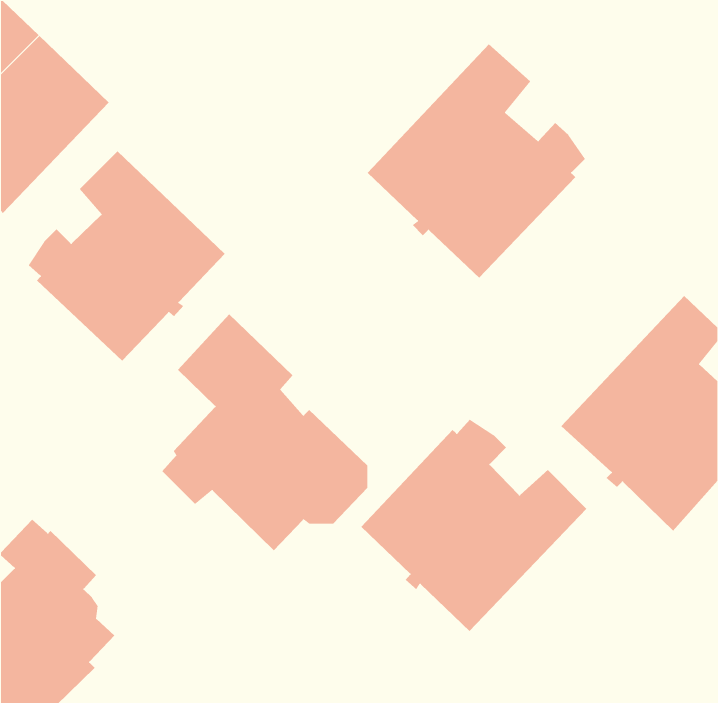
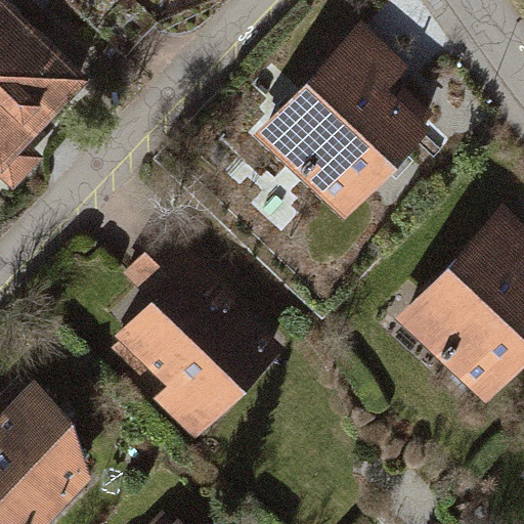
building: [28,150,226,361] -> none
building: [360,419,587,632] -> none

